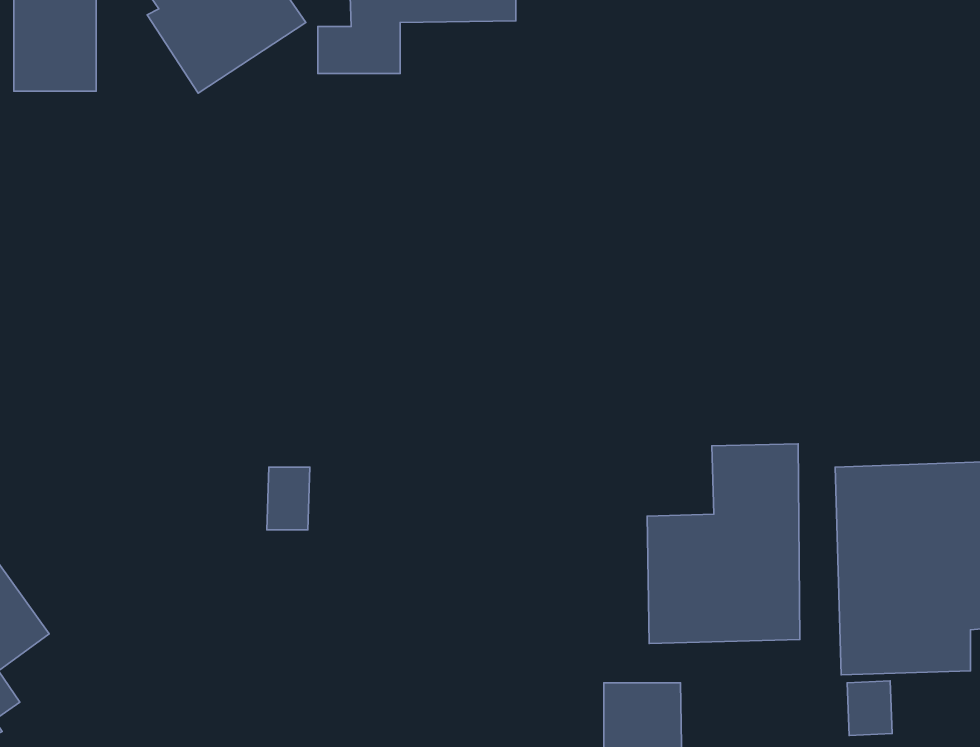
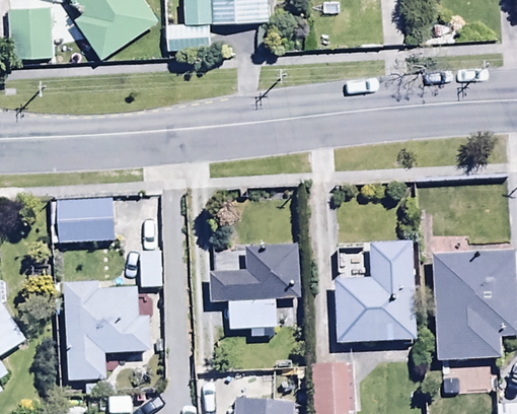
building: none -> [59,197,113,240]
building: none -> [211,246,298,327]
building: none -> [65,279,149,380]

